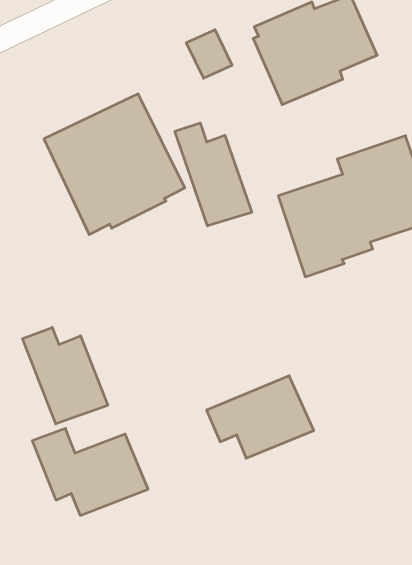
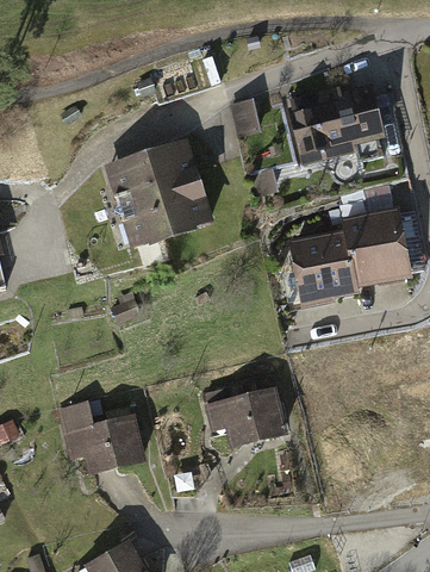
building: [175,123,252,226] -> none
building: [23,327,108,424] -> none

